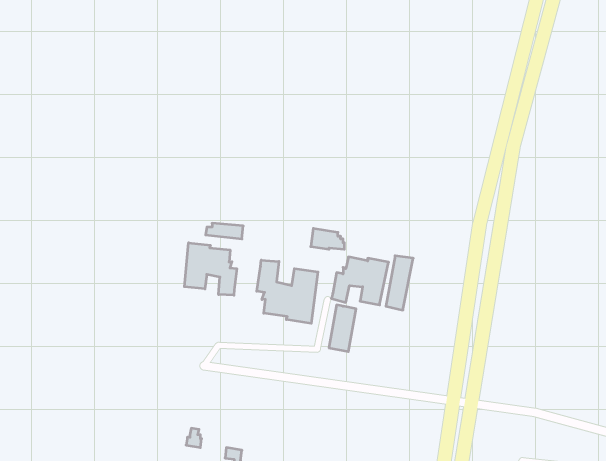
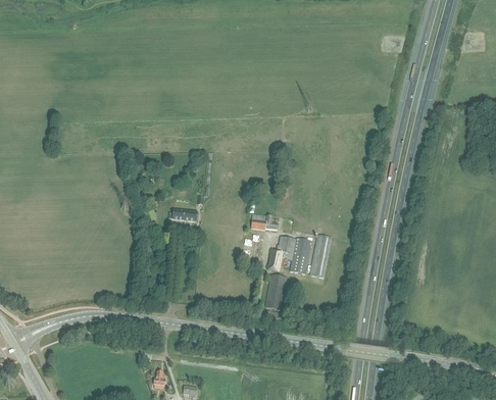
building: [184,243,237,295] -> none
building: [257,260,318,323] -> none

